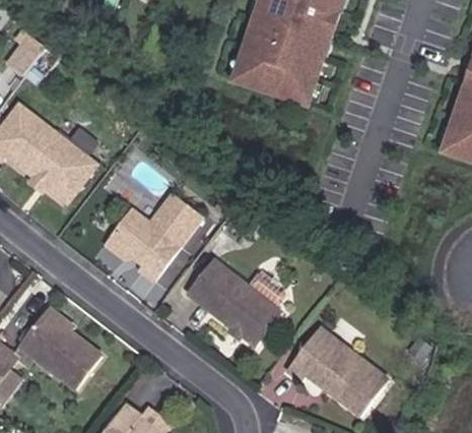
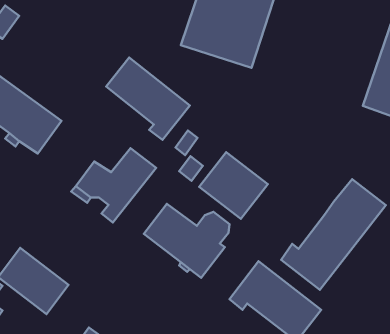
building: none -> [106,57,190,140]
building: none -> [199,152,268,219]
building: none -> [281,179,386,290]

